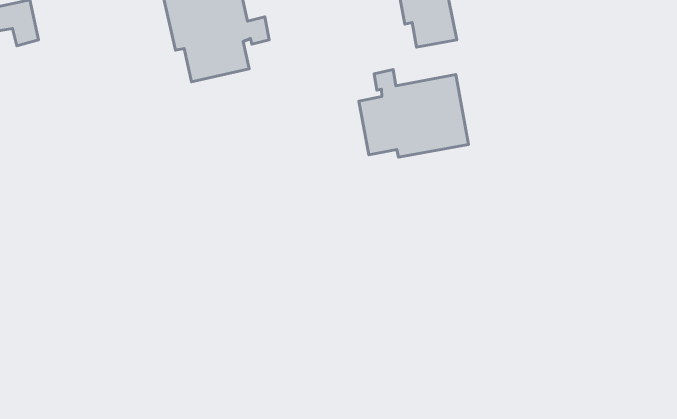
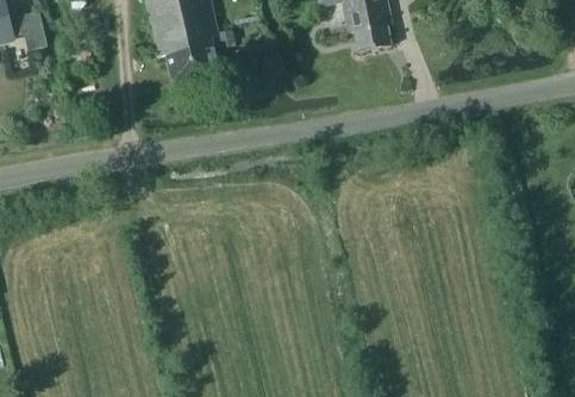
building: [359,69,468,157] -> none

